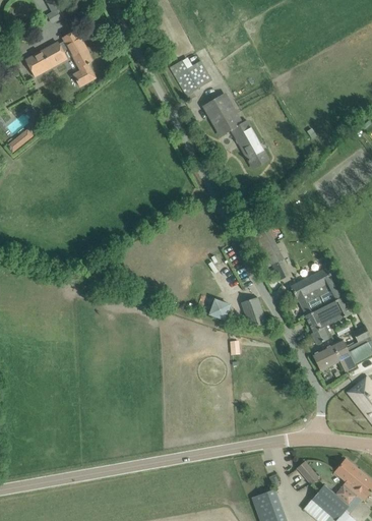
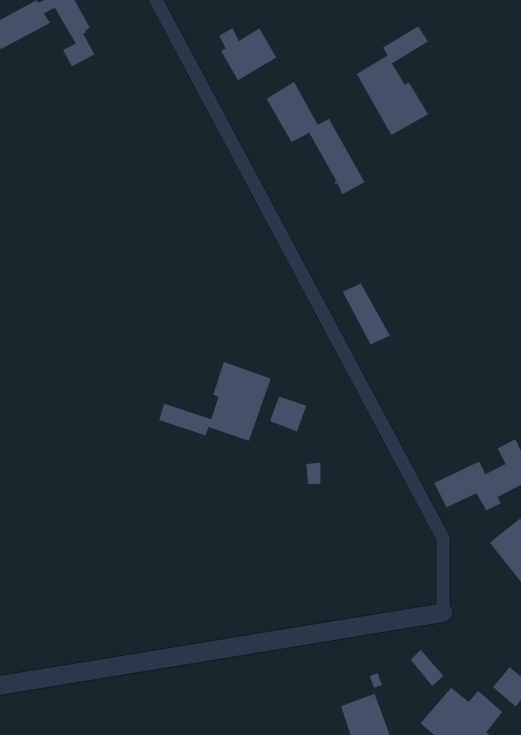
building: none -> [356,25,429,136]
building: [290,268,351,345] -> none
building: none -> [159,361,271,442]
building: [241,297,266,329] -> none
building: [333,459,361,485] -> none

